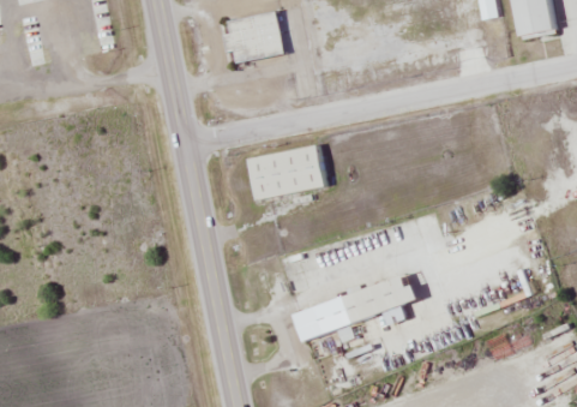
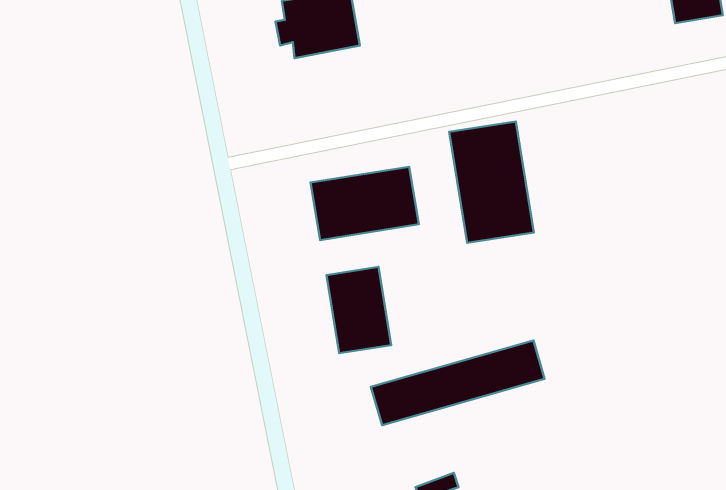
building: none -> [449,121,534,243]
building: none -> [326,267,391,353]

